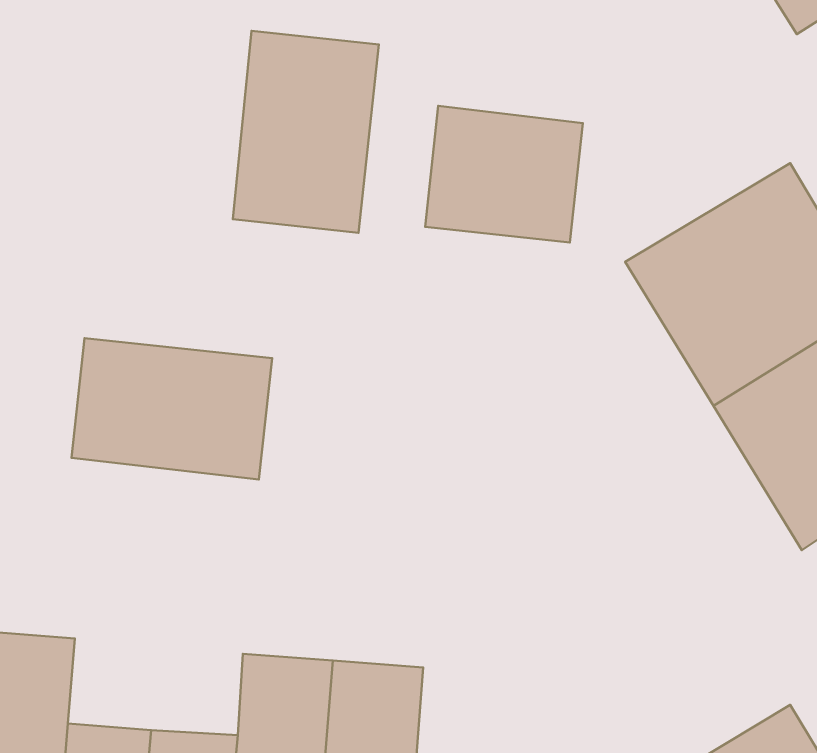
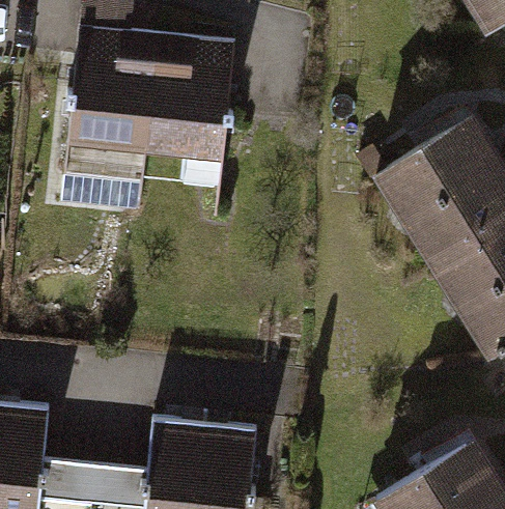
building: none -> [61,26,153,178]
building: [425,106,583,243] -> none
building: [71,338,272,480] -> none

